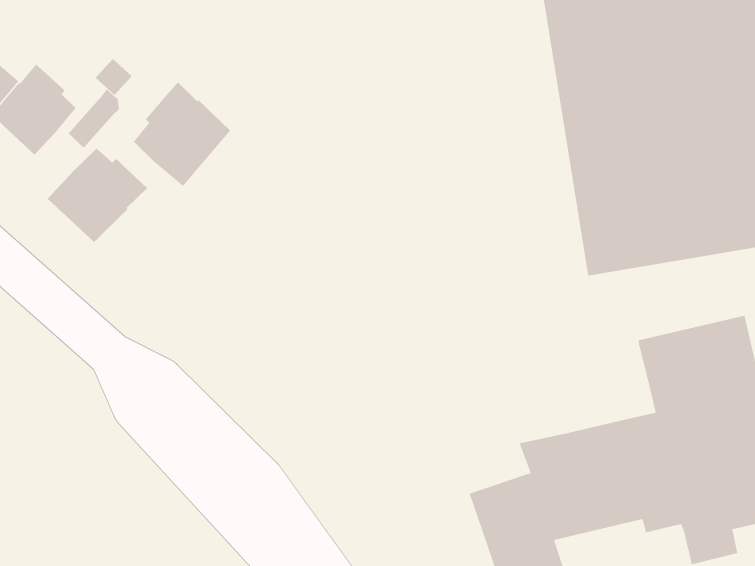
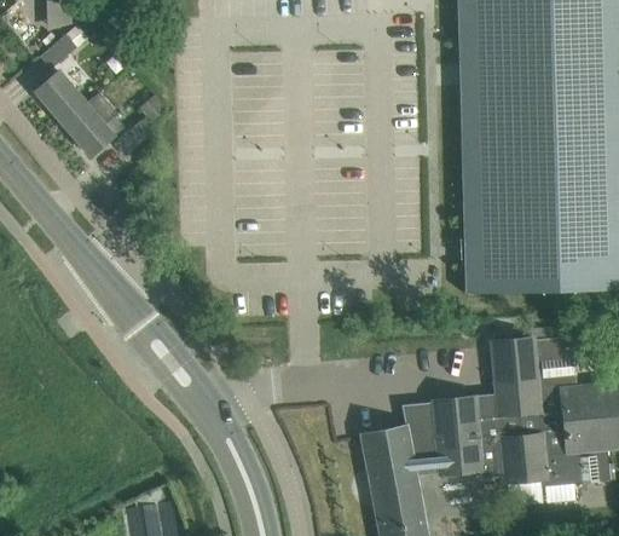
building: [133,82,231,187] -> none
building: [47,148,148,243] -> none

